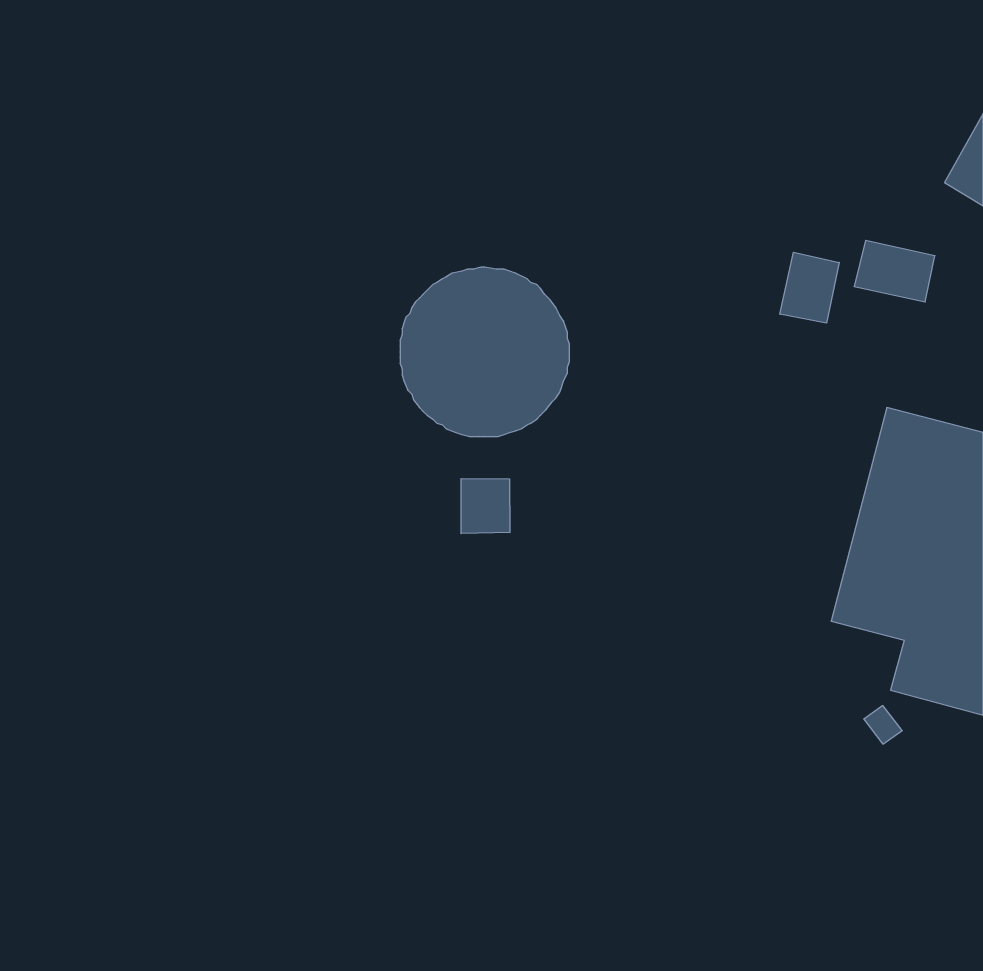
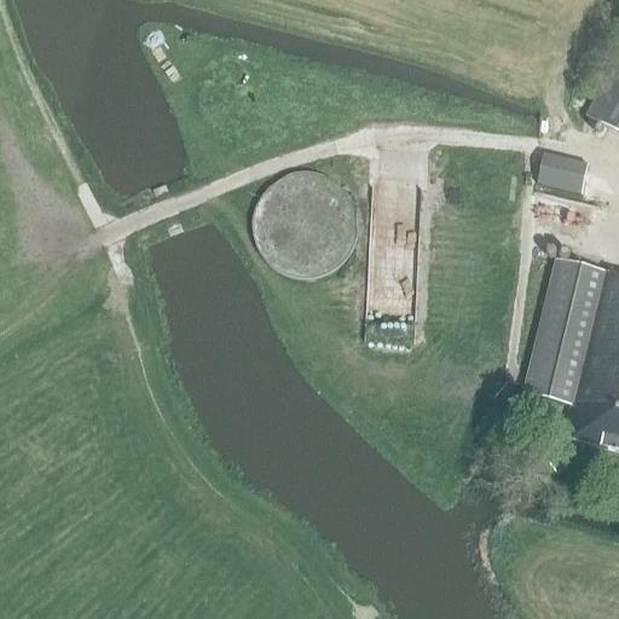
building: [780,252,839,323] -> none
building: [461,479,510,534] -> none

